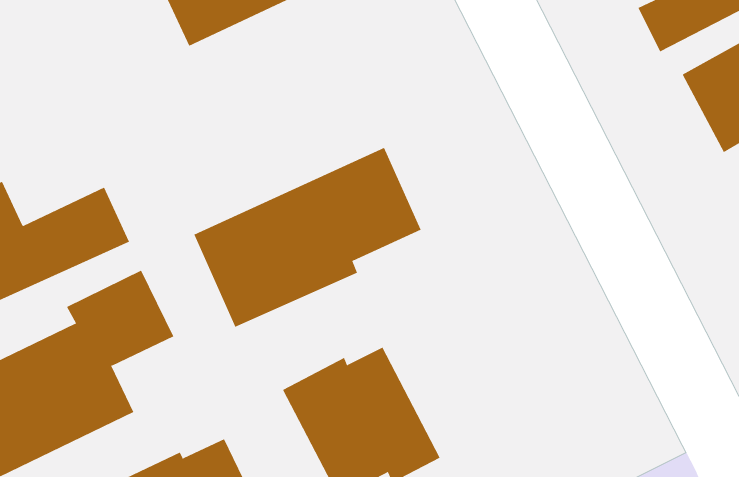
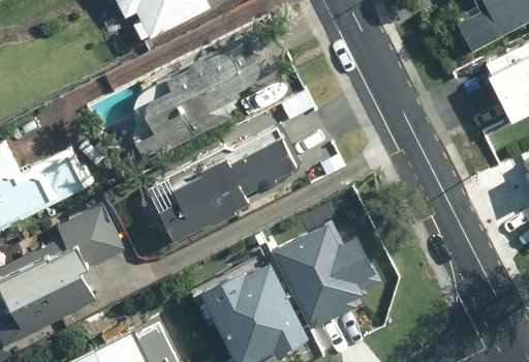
building: none -> [130,34,277,163]
building: none -> [274,220,380,326]

